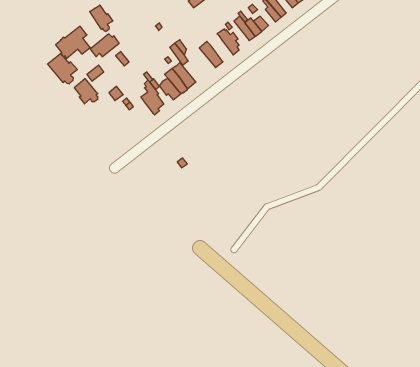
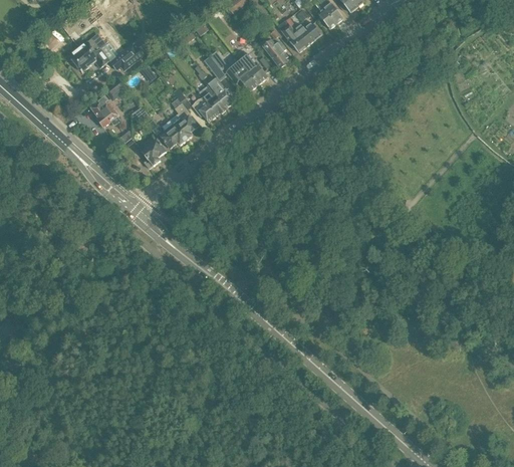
building: [90,5,113,32] -> none
building: none -> [226,60,259,90]
building: [48,53,77,84] -> none
building: none -> [160,119,187,149]
building: none -> [143,140,167,169]

